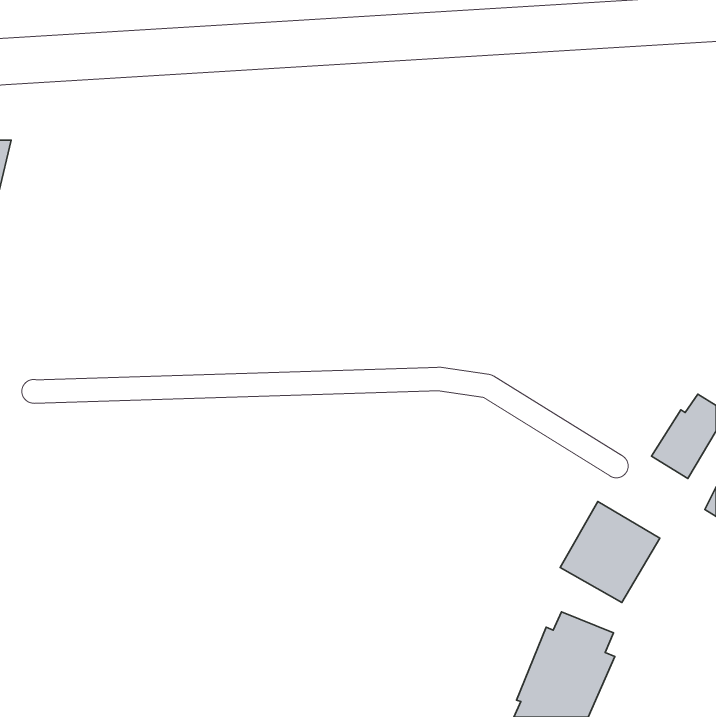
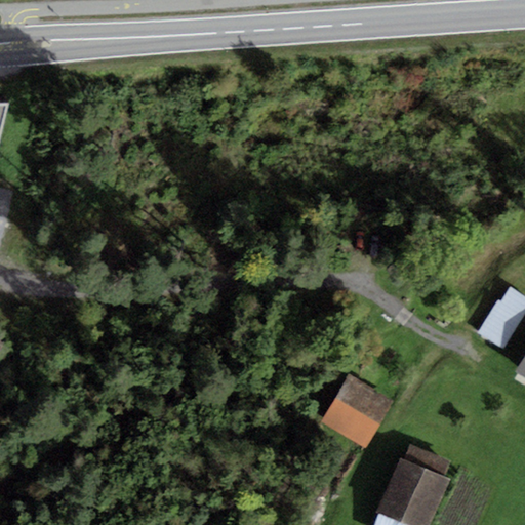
building: [560,502,660,603] -> [320,374,393,448]

